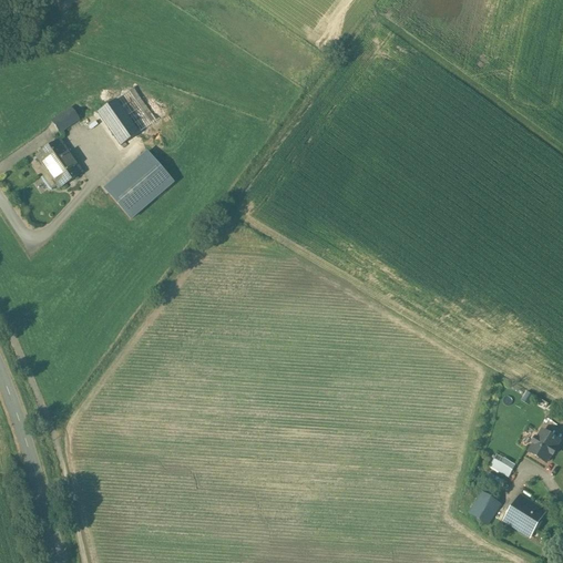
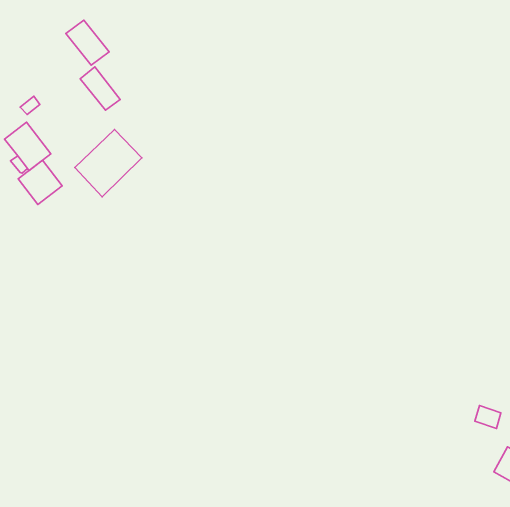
building: [96,98,139,143] -> [66,20,109,65]
building: none -> [18,160,62,205]
building: [469,491,500,522] -> none

